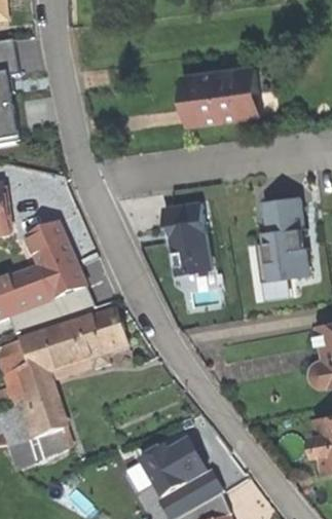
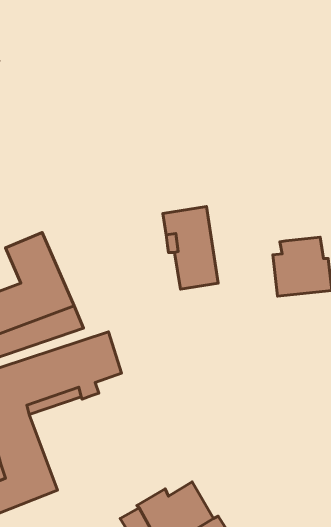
building: [182,66,260,123] -> none
building: [265,196,303,230] -> none

